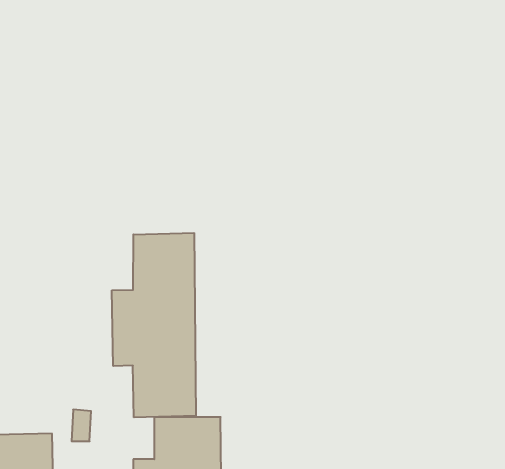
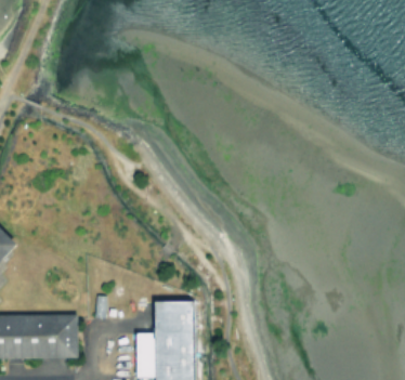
building: [112,233,196,417] -> none

